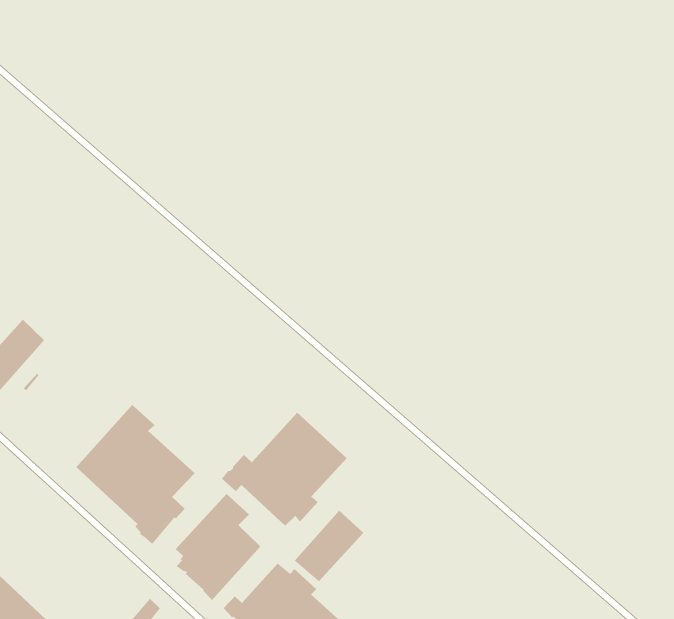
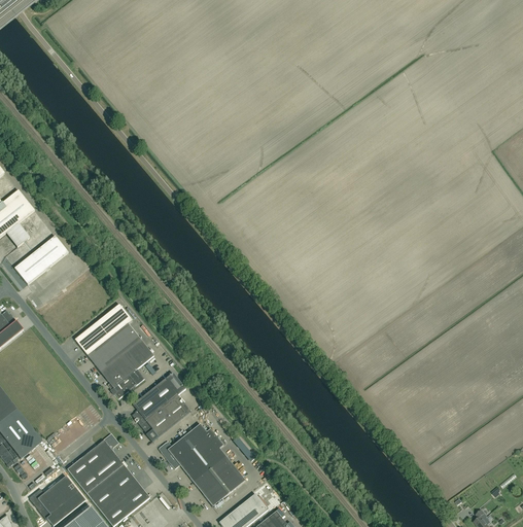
building: [221,412,347,526] -> none
building: [294,510,364,582] -> none

